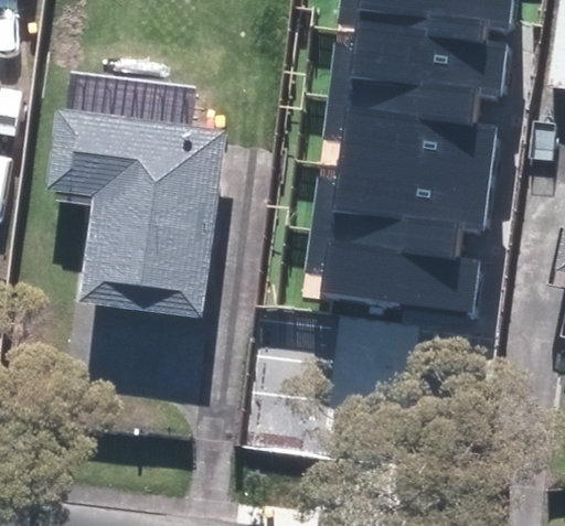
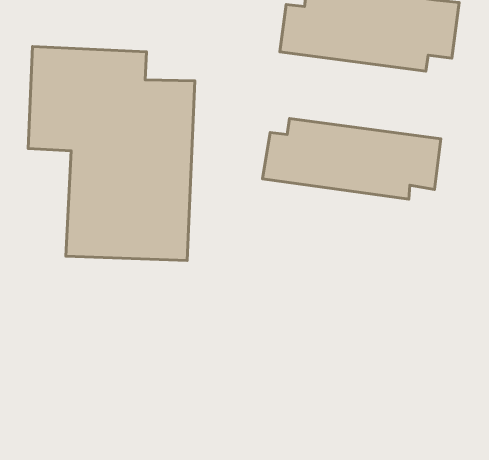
building: [316,92,494,181] -> none
building: [297,222,476,316] -> none

